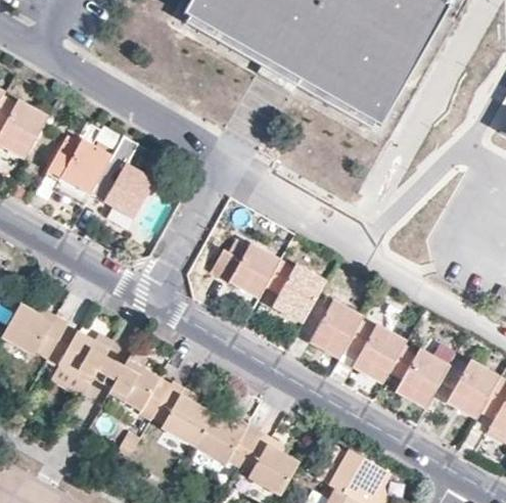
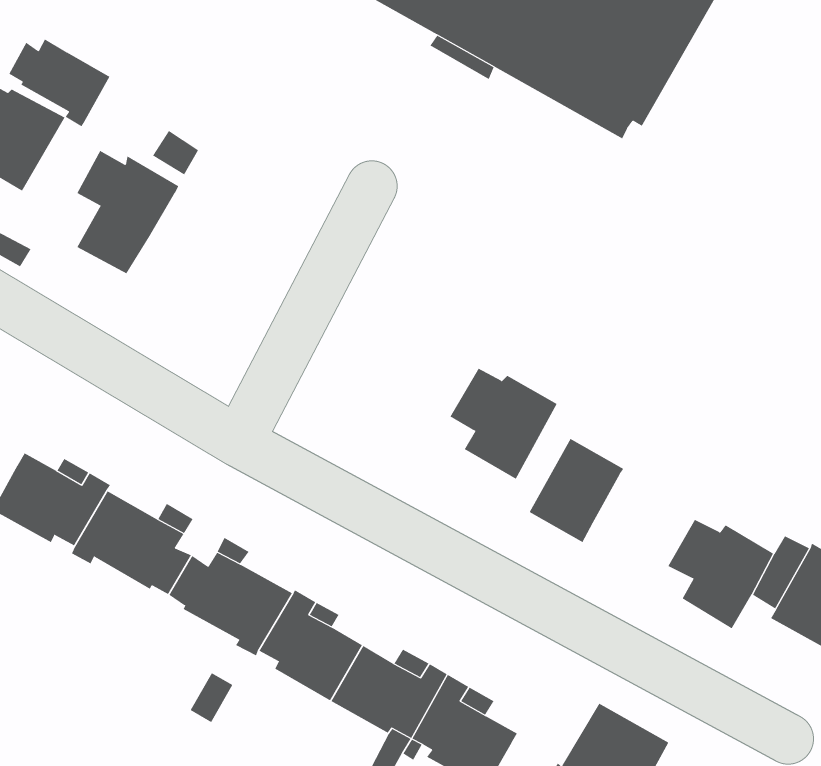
building: none -> [9,38,110,127]
building: [95,158,155,218] -> none
building: [211,236,281,295] -> none
building: [347,318,407,381] -> none

